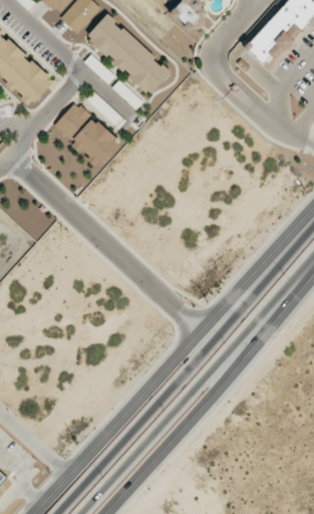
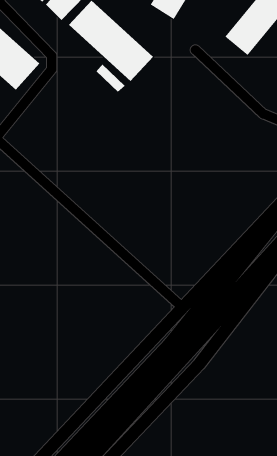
building: [49,99,118,168] -> none

